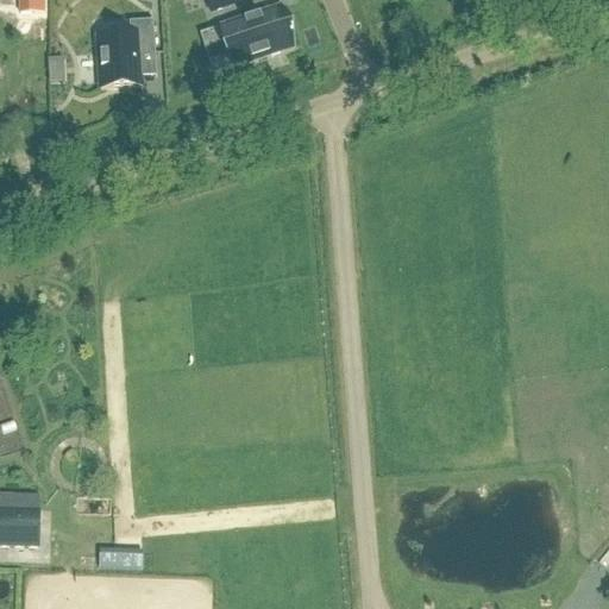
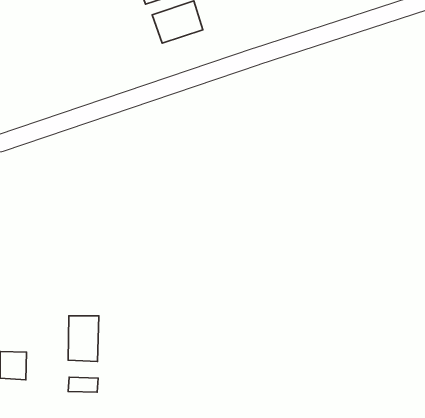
building: [100,13,157,83] -> none
building: none -> [68,316,99,361]

